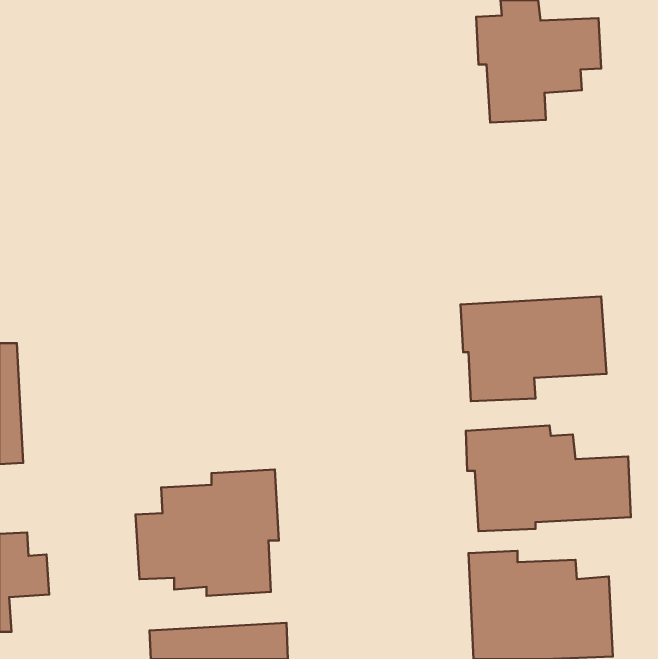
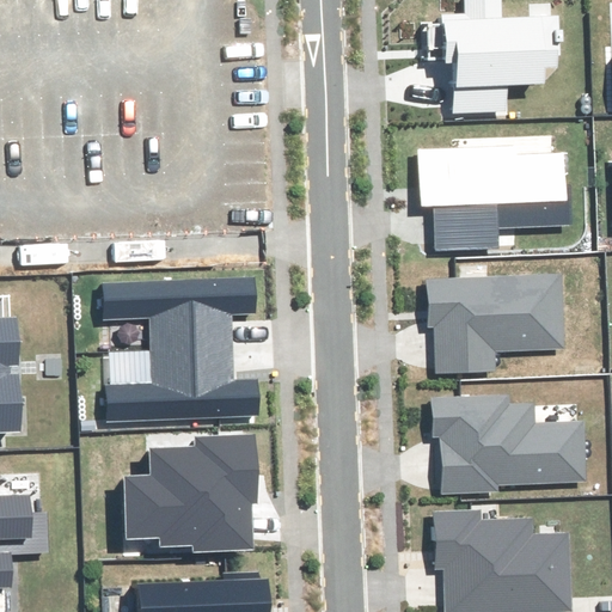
building: none -> [418,146,564,247]
building: none -> [102,276,257,422]

